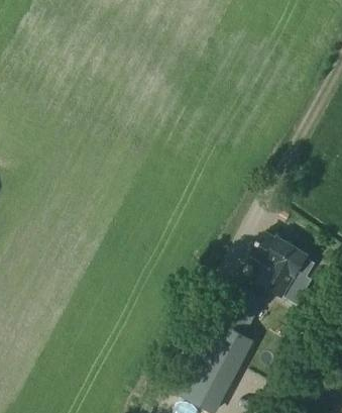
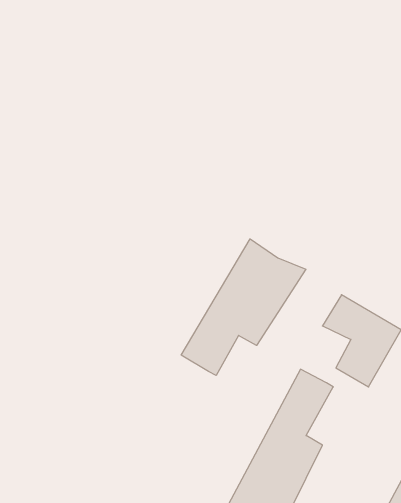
building: none -> [181,239,306,375]

